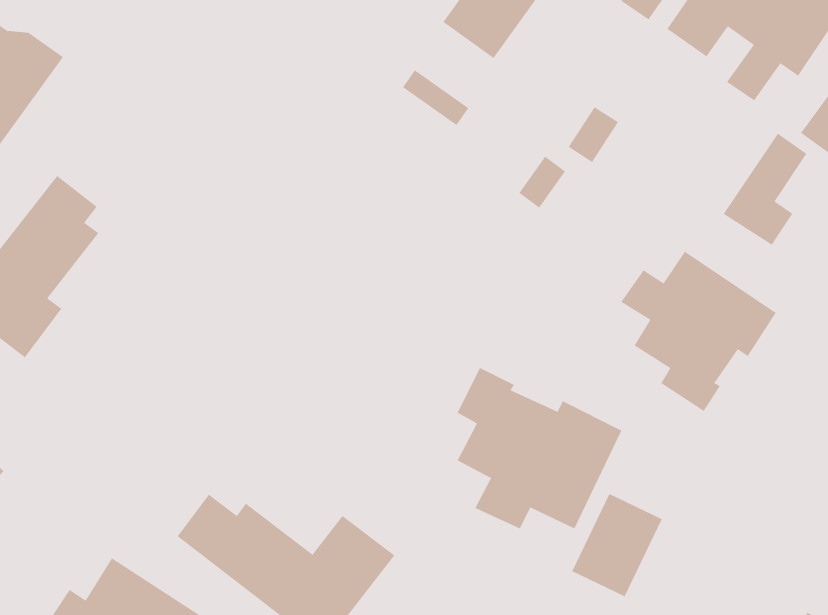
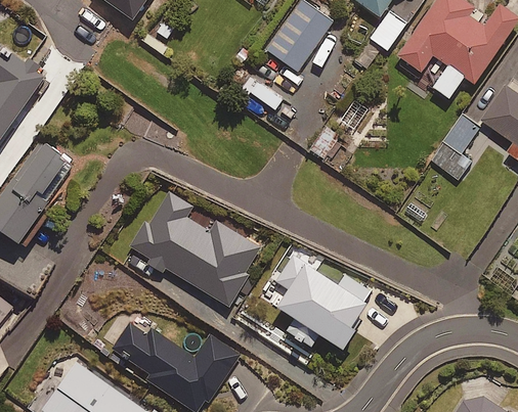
building: [621,251,777,412] -> none
building: none -> [133,193,260,306]
building: [572,493,663,597] -> none

